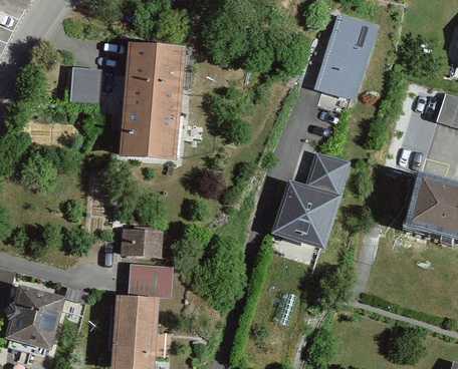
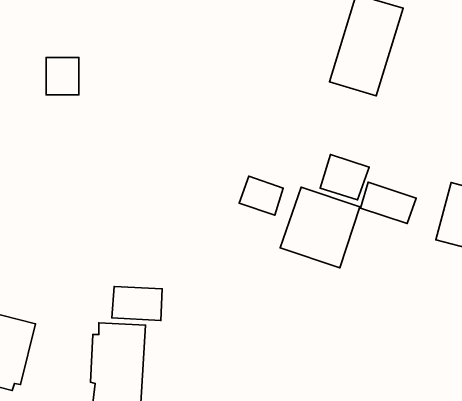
building: [122,43,183,157] -> none
building: none -> [239,176,283,215]
building: none -> [361,182,416,224]
building: [122,230,163,255] -> none

